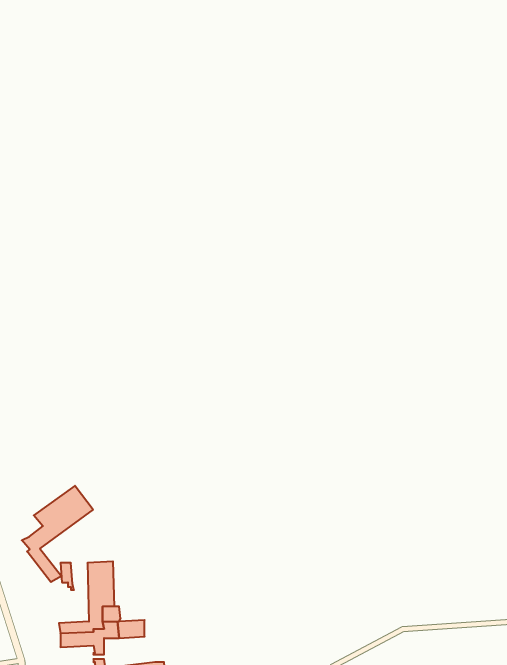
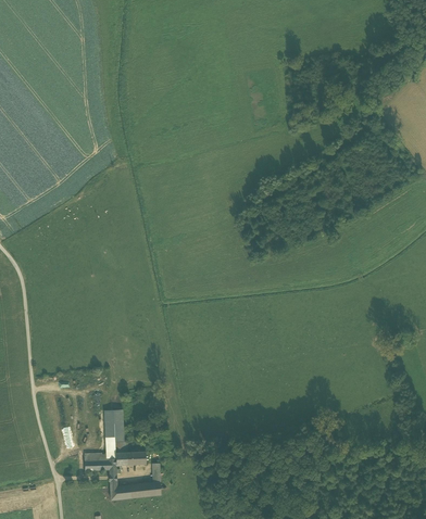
building: [22,486,93,582] -> none

